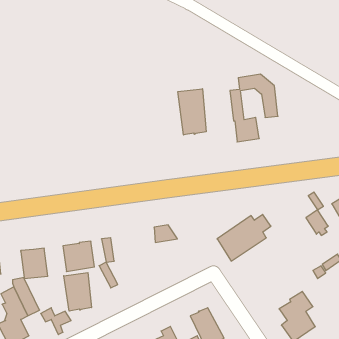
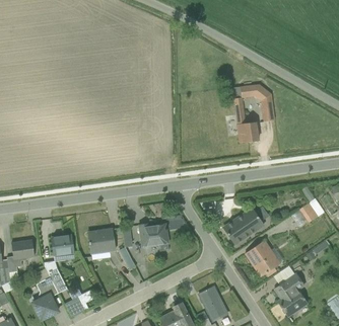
building: [178,89,206,135] -> none
building: none -> [139,224,168,251]
building: none -> [245,240,280,276]
building: [64,273,91,311] -> none

